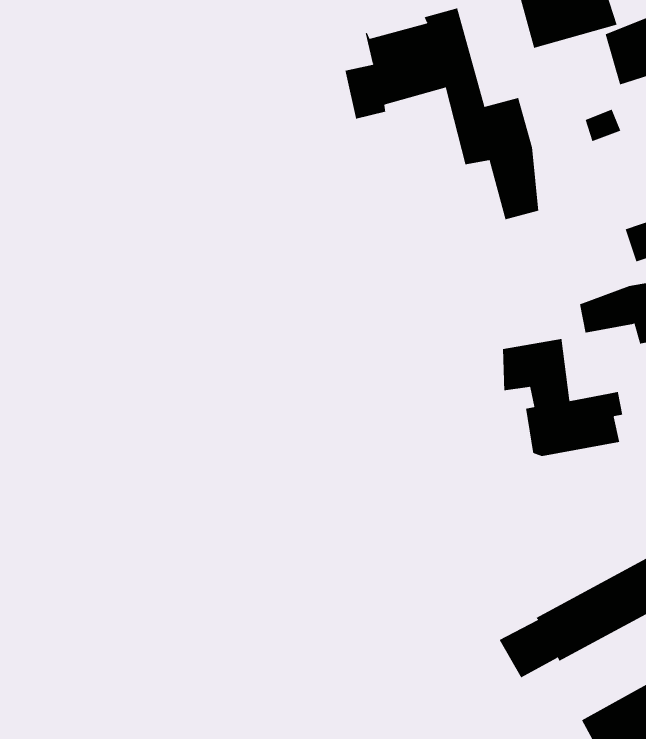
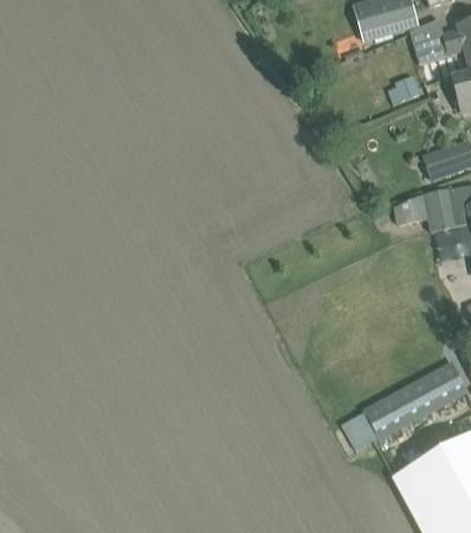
building: [345,8,539,220] -> none
building: [503,338,623,457] -> none

